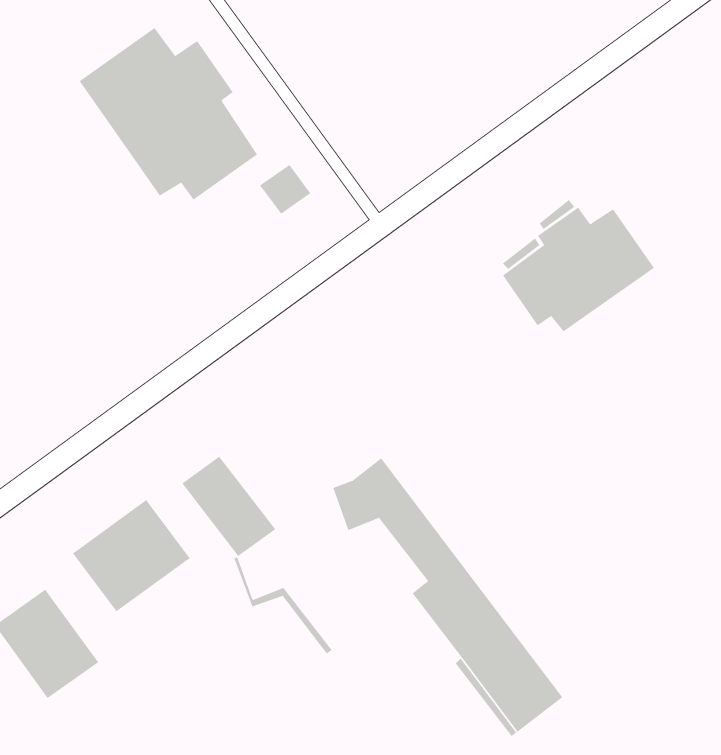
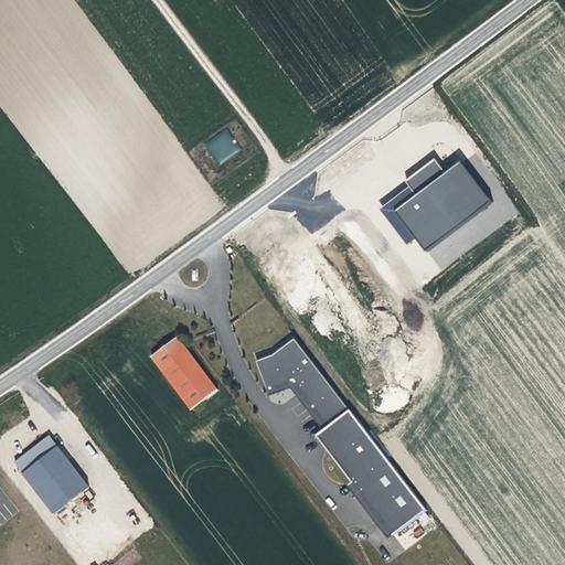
building: [79,27,258,200] -> none
building: [72,499,190,612] -> none
building: [233,557,333,654] -> [255,360,327,430]

